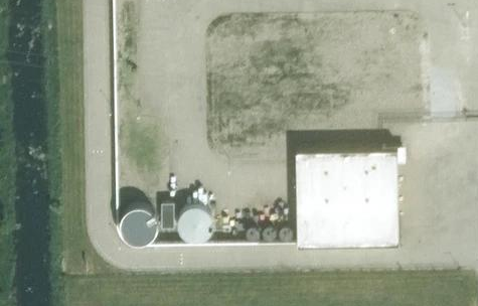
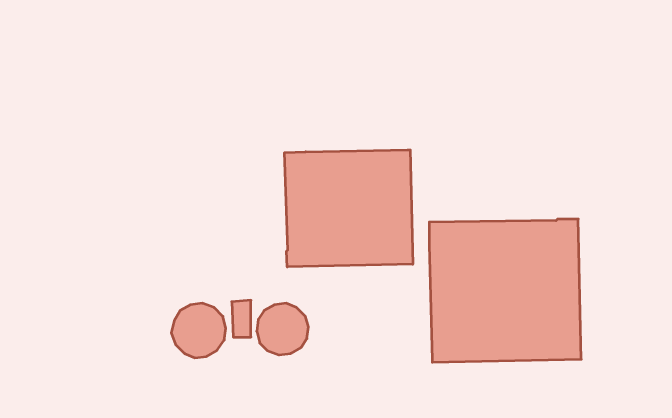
building: none -> [285,150,413,267]

